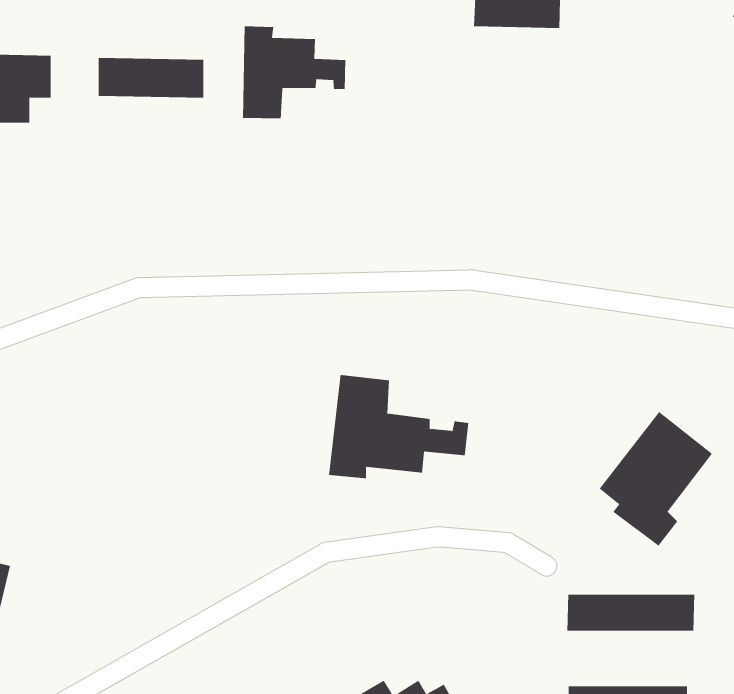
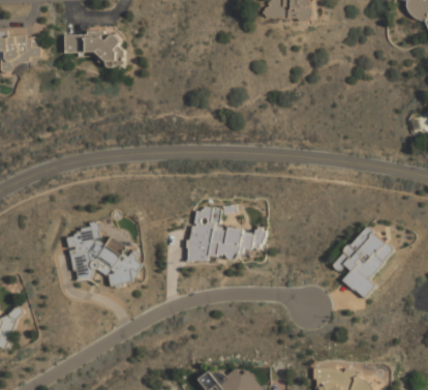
building: [242,25,346,119] -> none
building: none -> [65,221,141,286]
building: [567,594,695,632] -> none

